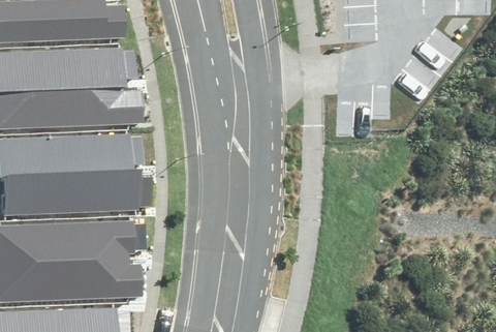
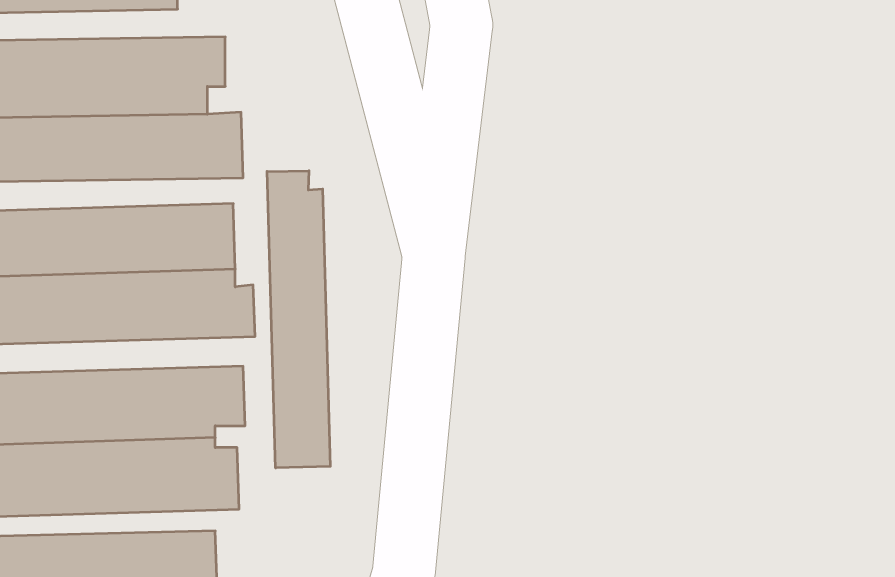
building: none -> [267,171,330,468]

